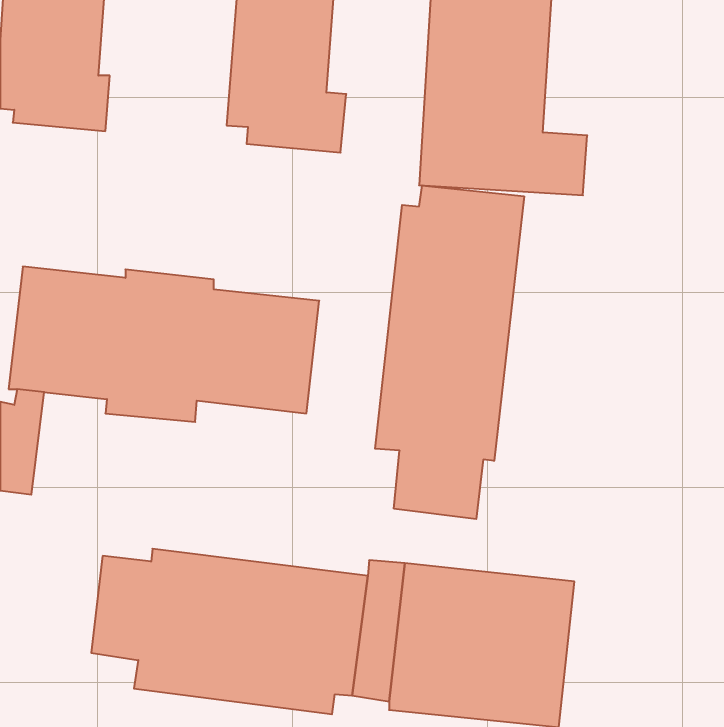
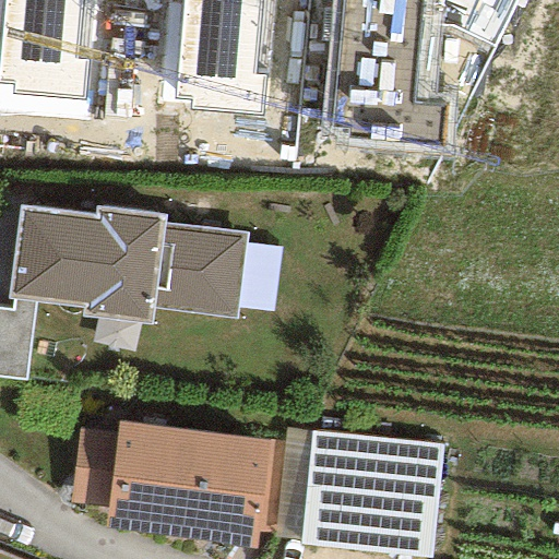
building: [375,185,524,519] -> none

